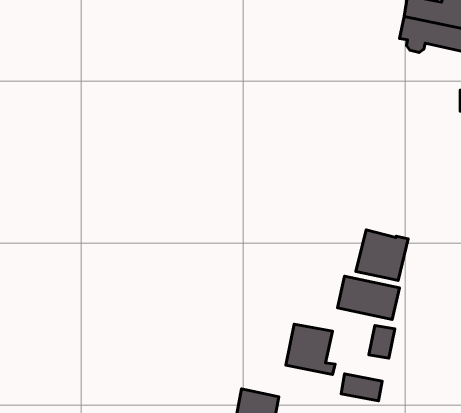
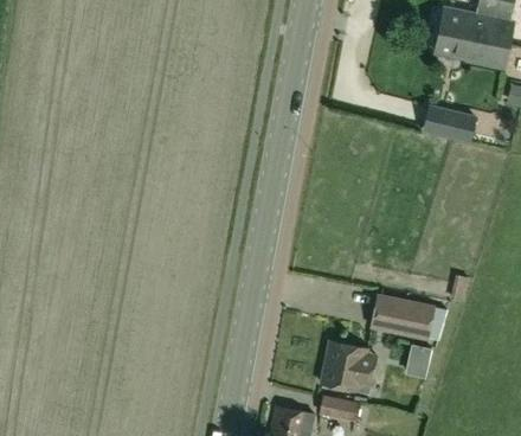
building: none -> [424,107,476,141]
building: [356,230,408,280] -> none
building: [341,374,382,401] -> [319,393,360,421]

